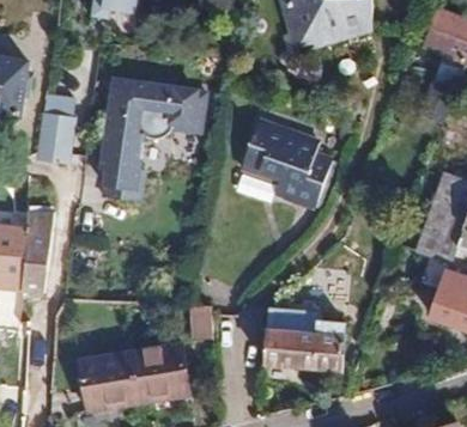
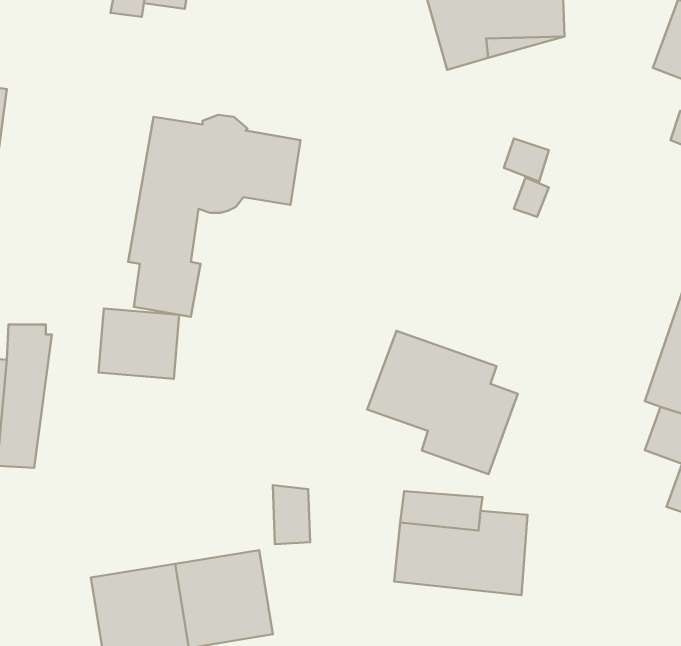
building: [38,115,72,160] -> none
building: [239,120,332,207] -> [367,331,518,474]
building: none -> [98,308,179,379]

